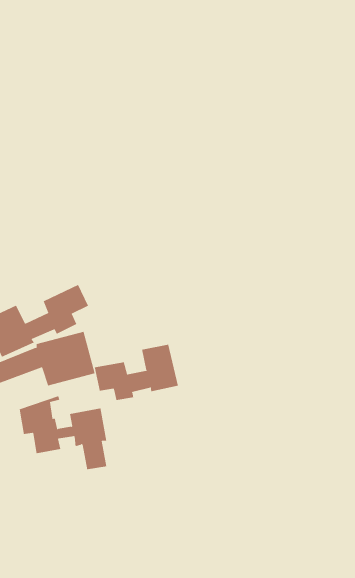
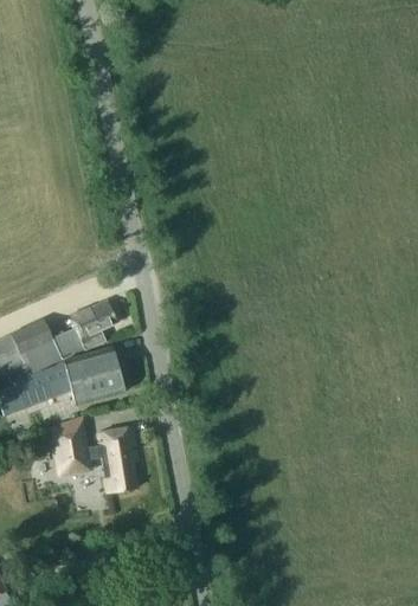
building: [94,344,178,401] -> none

